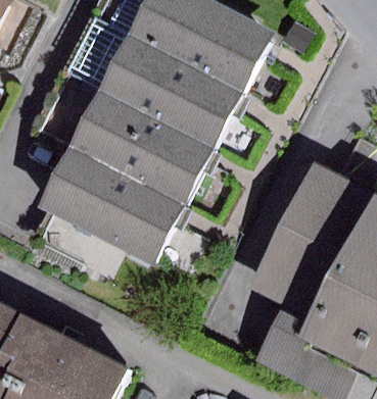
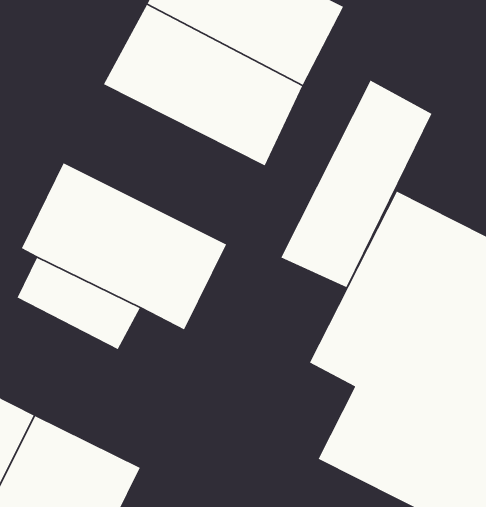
building: none -> [280,79,432,288]
building: [70,87,217,202] -> none

